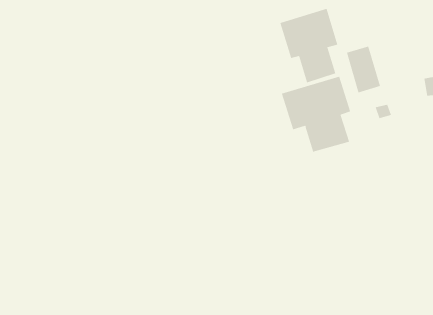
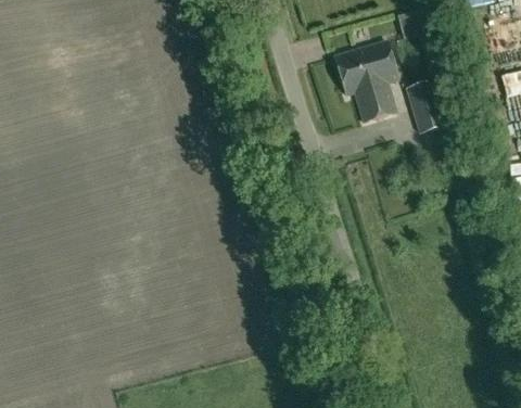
building: [281,76,351,153] -> none

